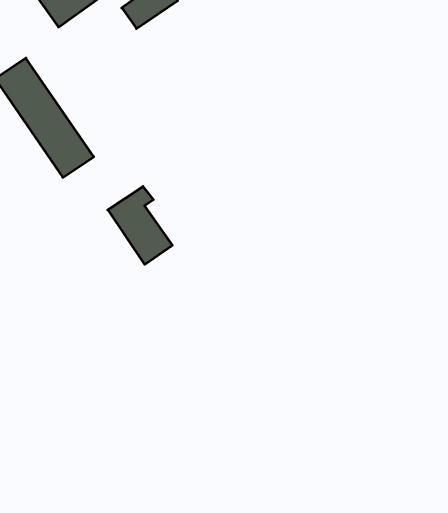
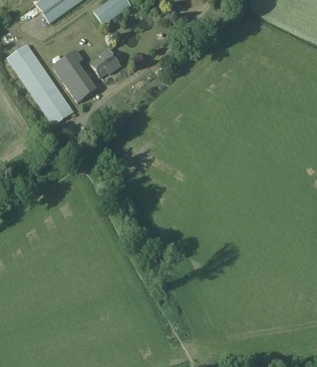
building: none -> [90,48,119,77]
building: [108,186,172,264] -> [51,50,95,103]

